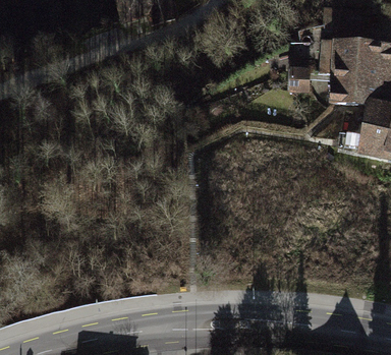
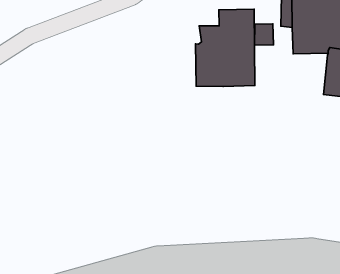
building: none -> [196,9,255,86]

